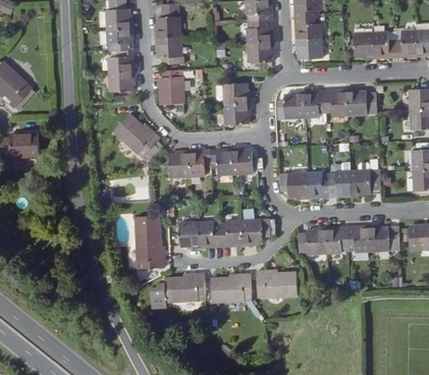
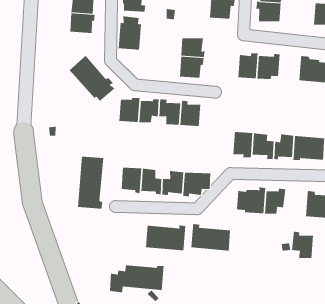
building: [325,90,346,115] -> none
building: [346,225,369,252] -> [291,231,314,259]
building: [150,273,205,306] -> [109,265,164,293]

